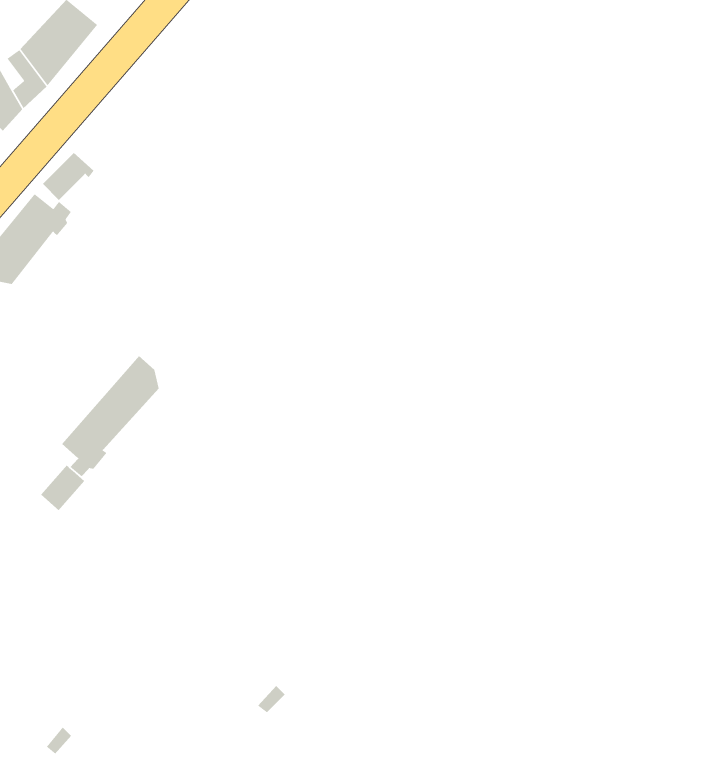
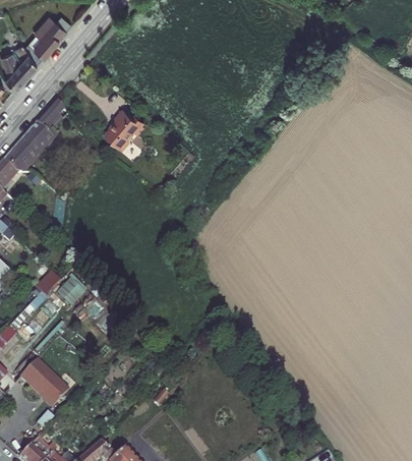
building: none -> [107,109,146,150]
building: [61,355,159,477] -> none
building: none -> [21,357,70,404]

